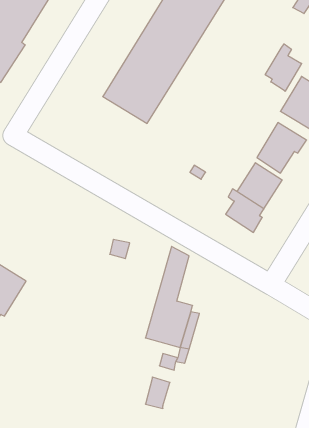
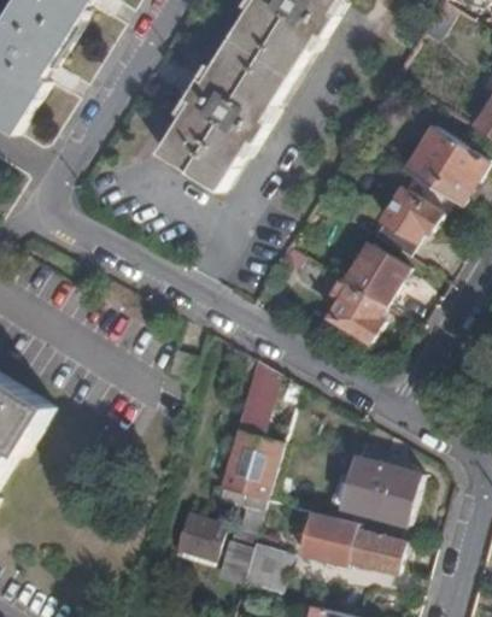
building: [265,44,302,91] -> none
building: none -> [340,457,421,523]
building: none -> [298,510,402,571]
building: none -> [171,513,219,562]
building: none -> [241,543,289,590]

